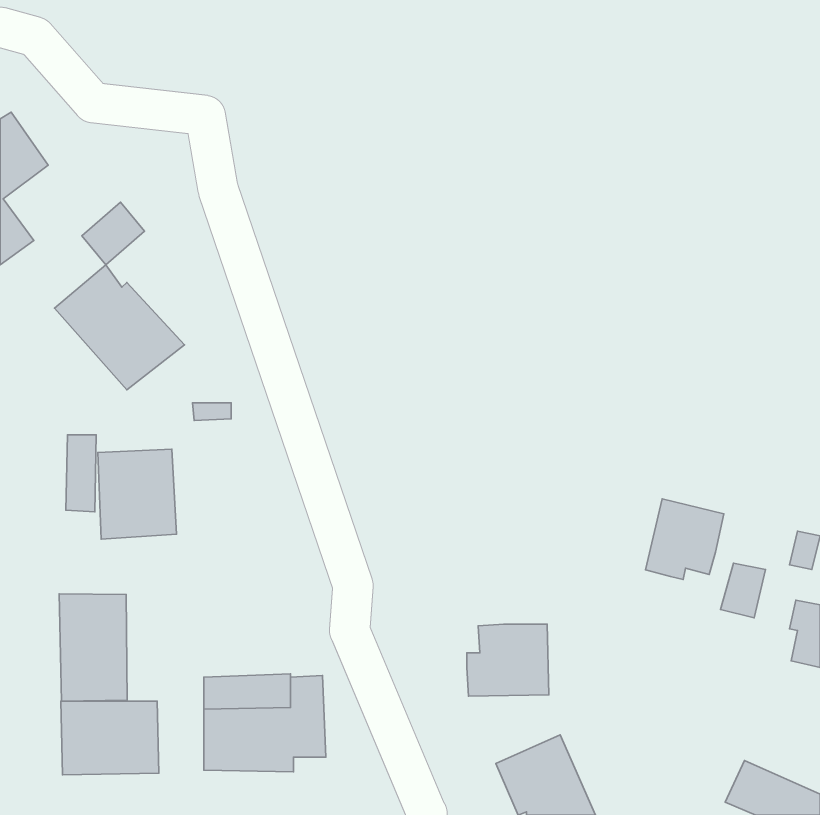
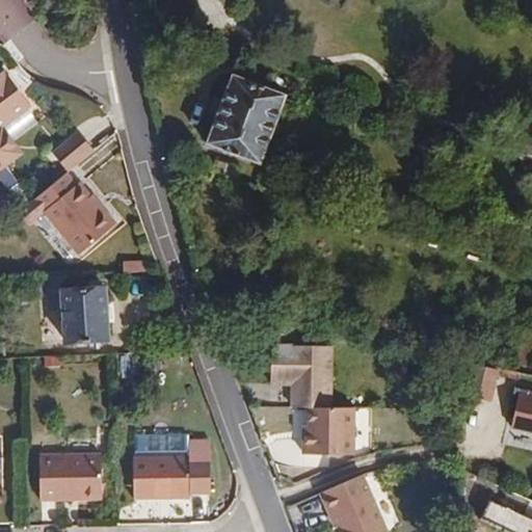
building: none -> [201,79,285,172]
building: [645,499,724,579] -> none
building: none -> [267,343,327,405]
building: [59,594,127,701] -> none

